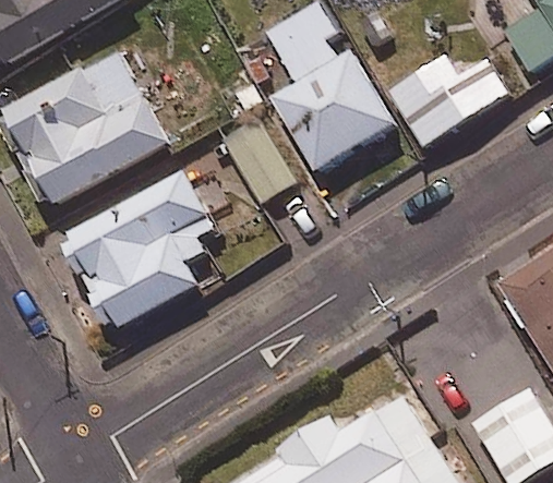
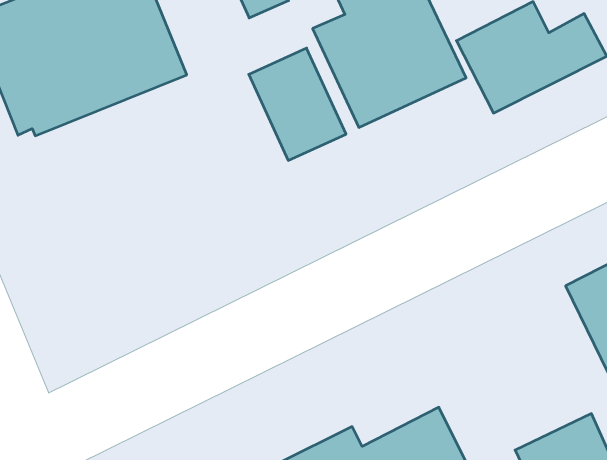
building: [62,172,218,328] -> none

